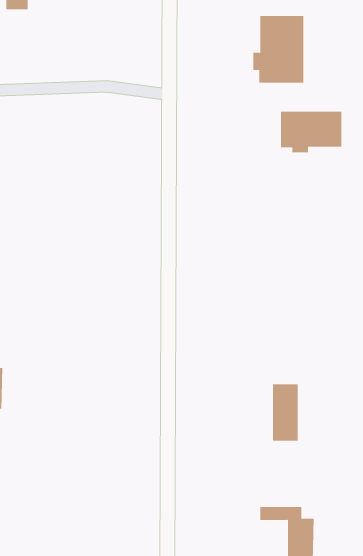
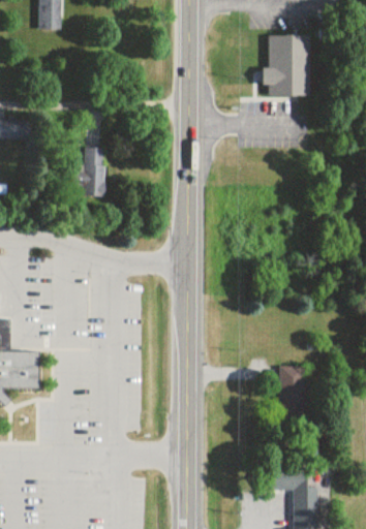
building: [280,111,342,153] -> none
building: none -> [83,148,103,197]

